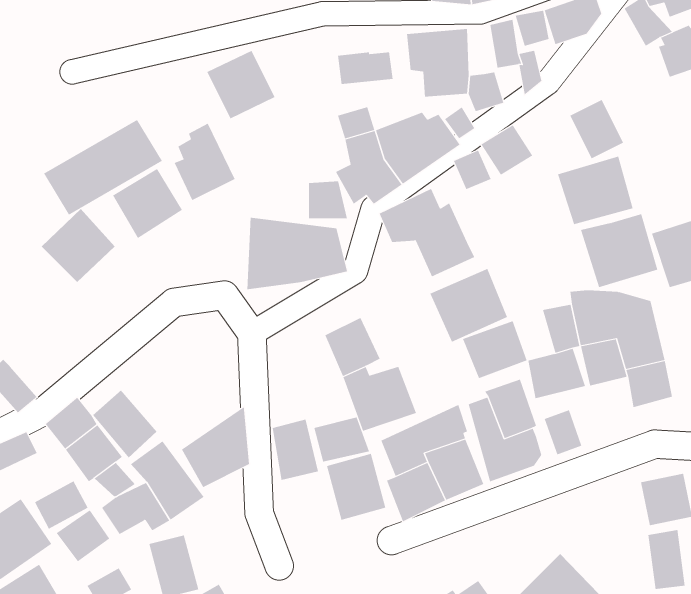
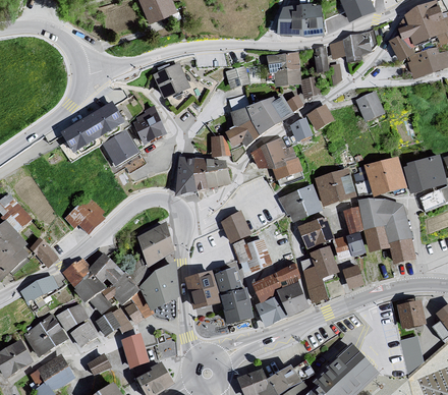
building: [557,156,633,225] -> [313,167,355,206]
building: [41,208,115,283] -> [64,196,106,238]
building: none -> [136,223,174,270]

